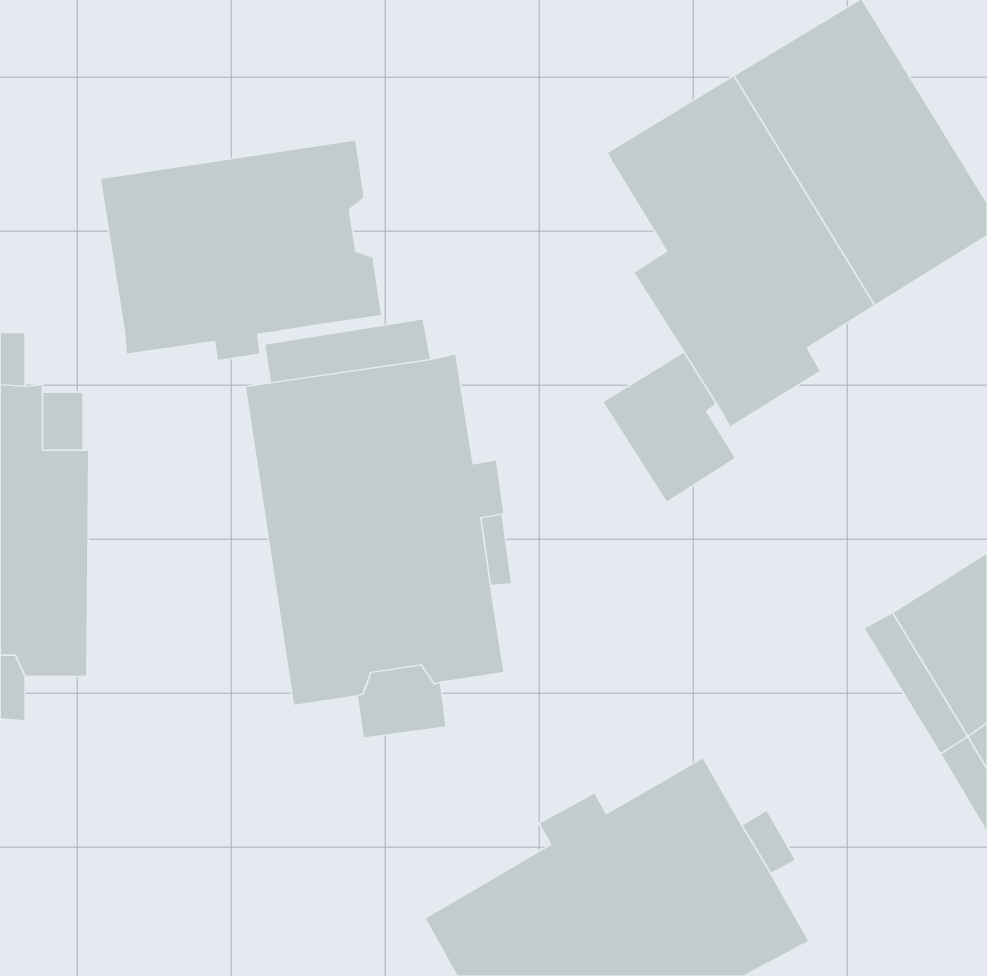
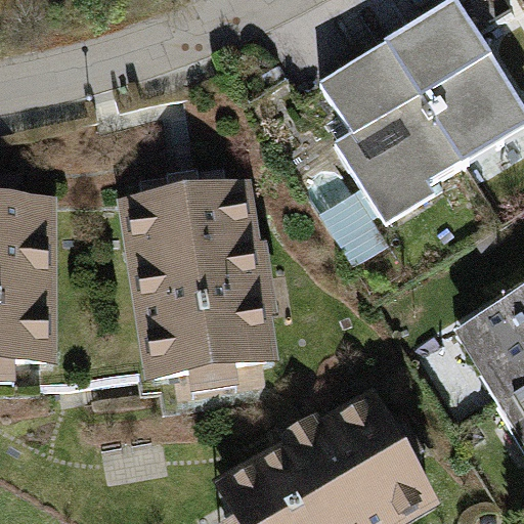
building: [100,140,382,361] -> none

